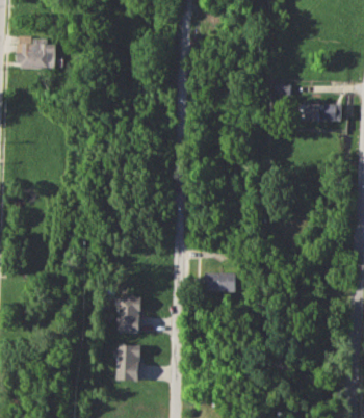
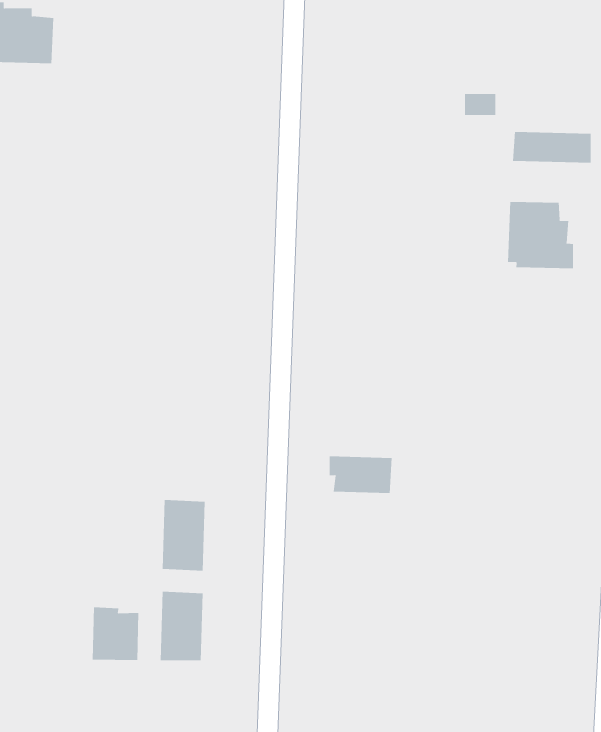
building: none -> [508,201,574,269]
building: none -> [92,607,139,661]

